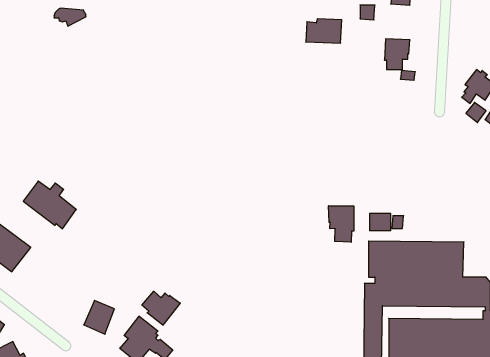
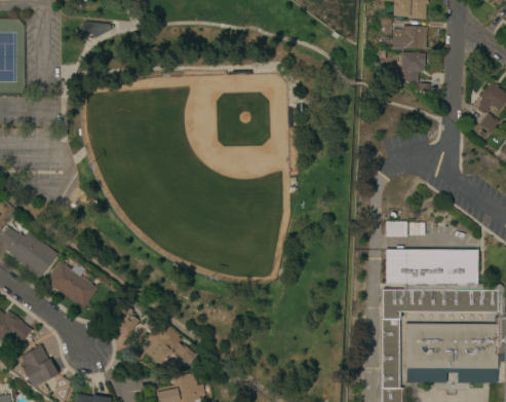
building: [306,19,342,43] -> [392,26,427,49]
building: [23,181,76,229] -> [46,260,98,306]
building: [329,206,354,242] -> none
building: [142,291,180,325] -> none

